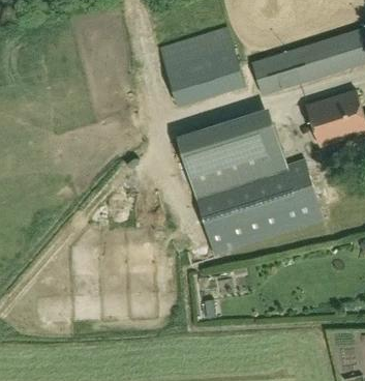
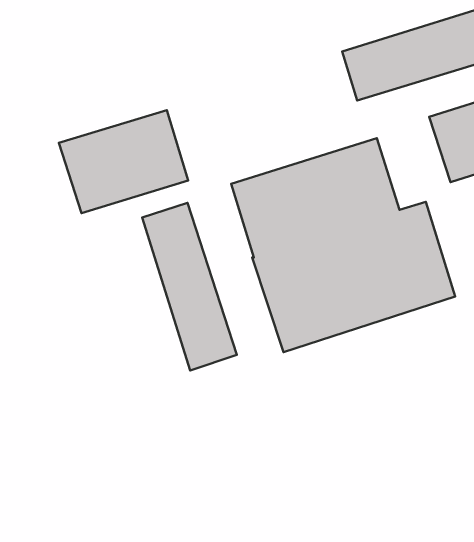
building: [161,39,243,105] -> [59,110,188,213]
building: none -> [142,203,237,370]

